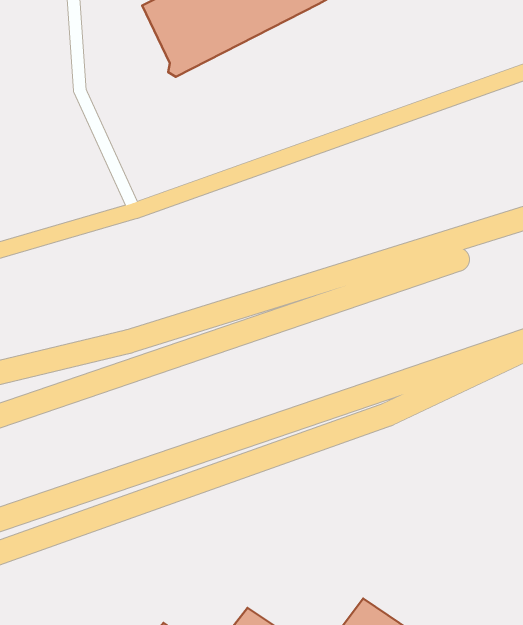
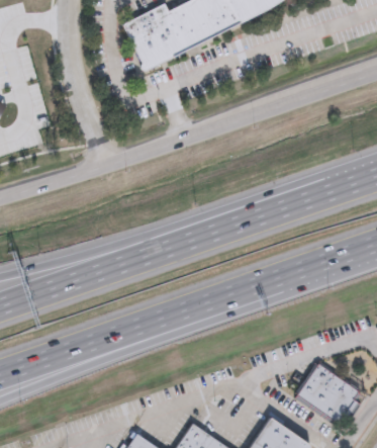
building: none -> [297,364,359,427]

